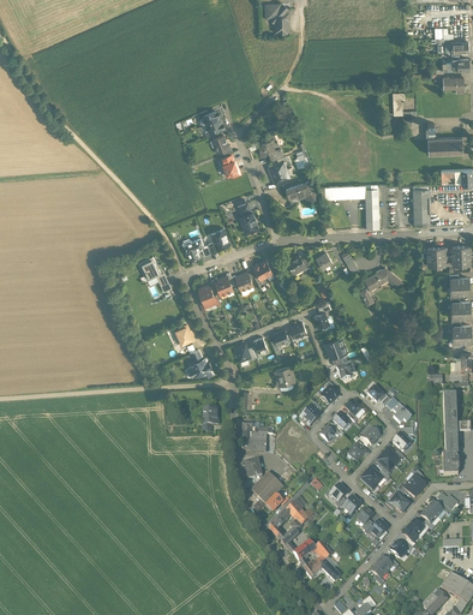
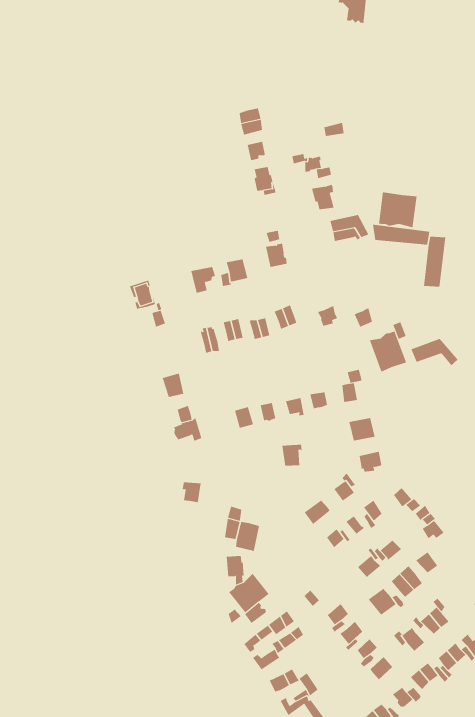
building: none -> [379,192,417,228]
building: none -> [369,330,407,372]

